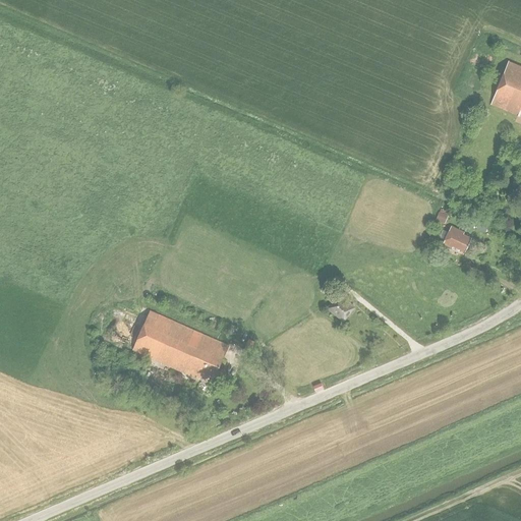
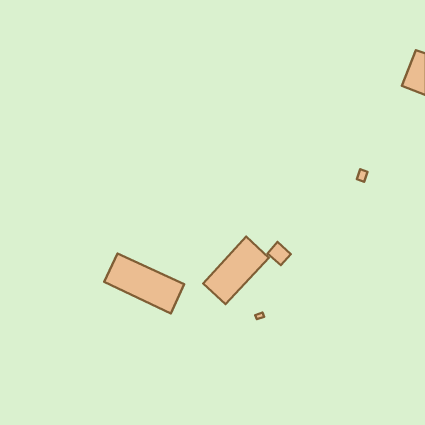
building: [445,229,474,253] -> none
building: none -> [203,237,269,304]

